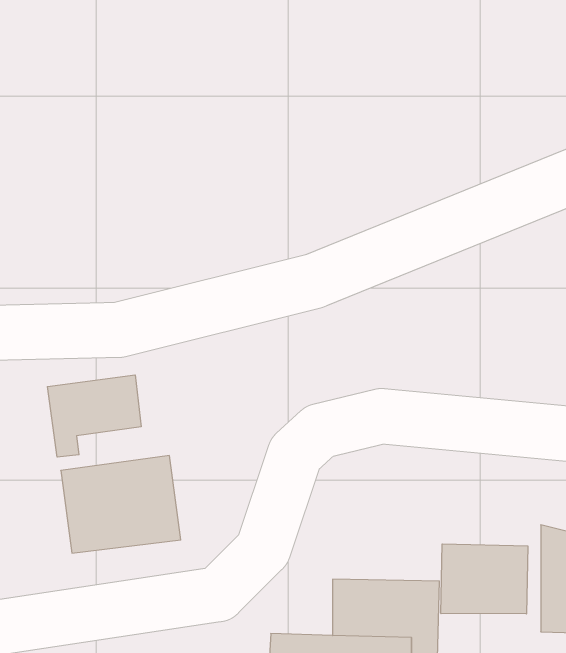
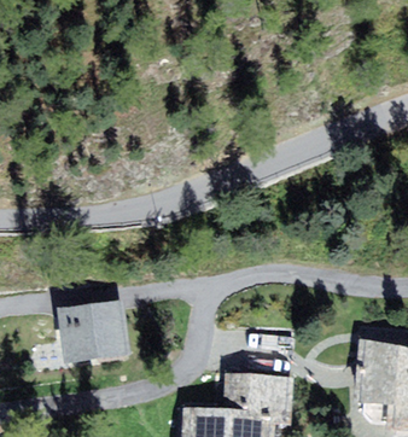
building: [47,375,141,457] -> none
building: [441,544,528,614] -> none

